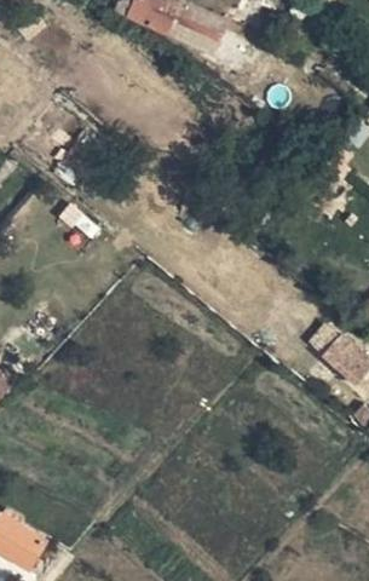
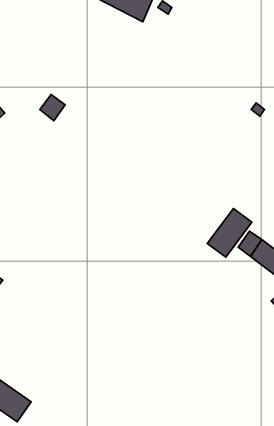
building: none -> [207,209,252,257]

